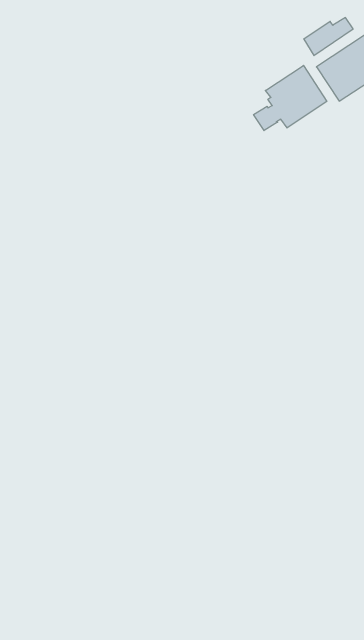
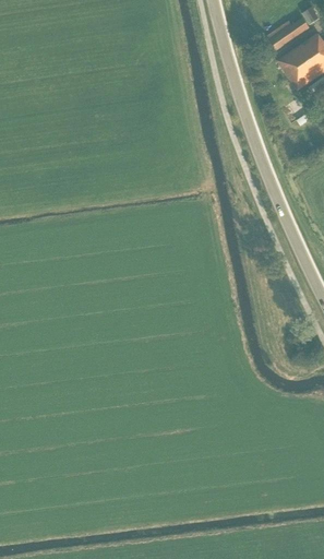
building: [254,65,327,131] -> none

